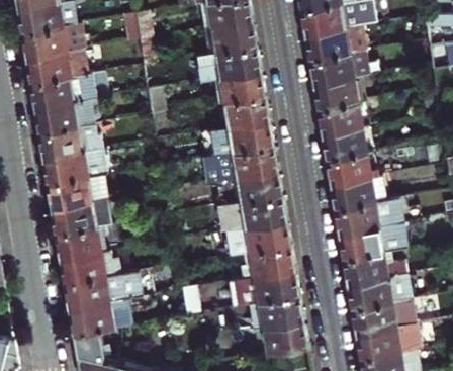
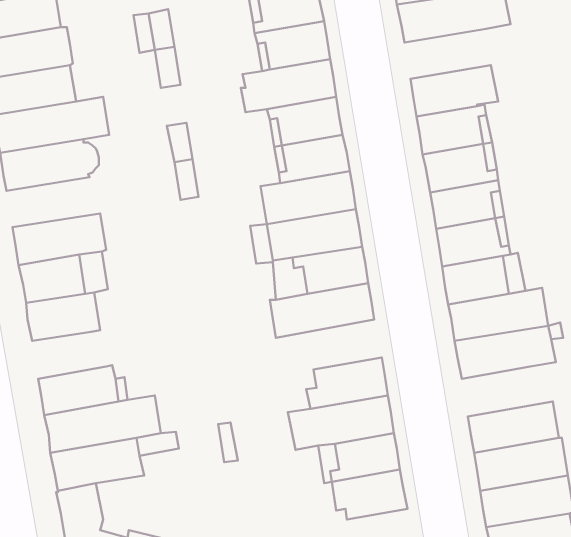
building: [305,25,364,59] -> none
building: [39,124,102,158] -> none
building: [225,219,290,255] -> none
building: [57,227,106,259] -> none
building: [344,251,406,284] -> none

